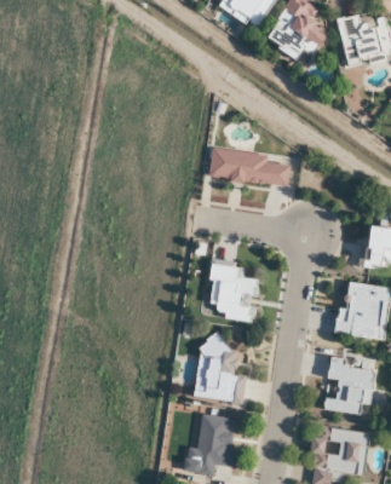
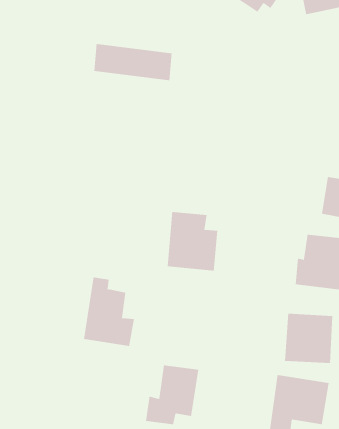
building: [209,150,289,188] -> [93,44,172,81]
building: [195,334,247,404] -> [83,277,135,346]

